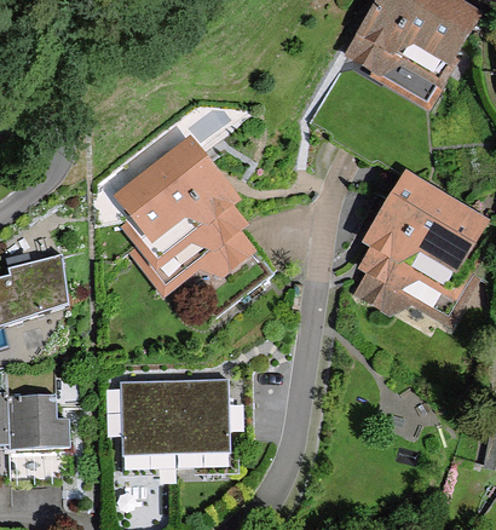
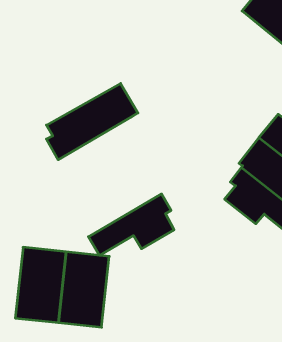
building: [117,138,209,230] -> none
building: [148,204,250,290] -> [88,194,174,255]

